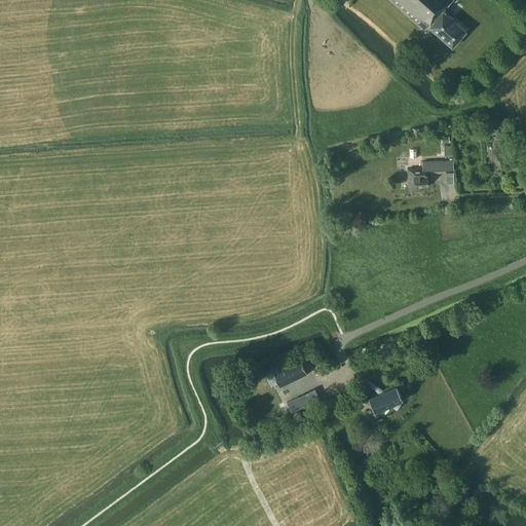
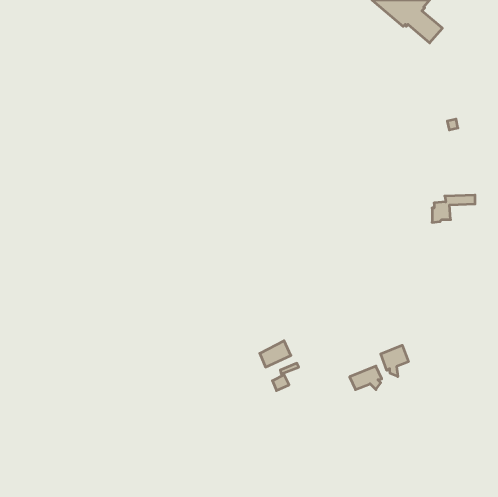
building: [409,162,454,191] -> [432,195,475,222]
building: none -> [381,345,408,377]

